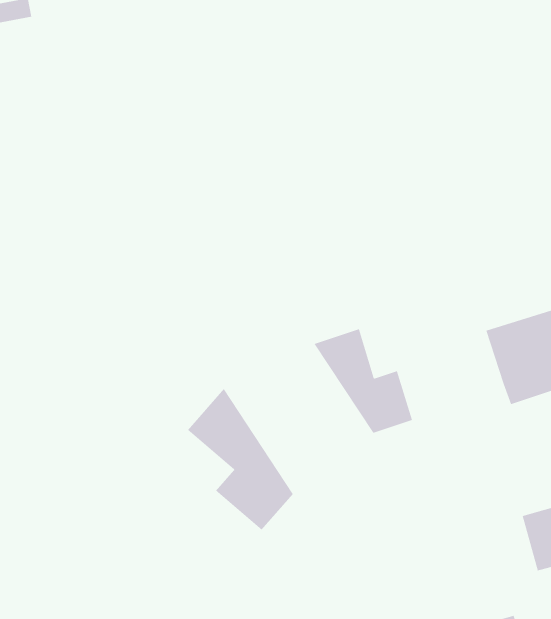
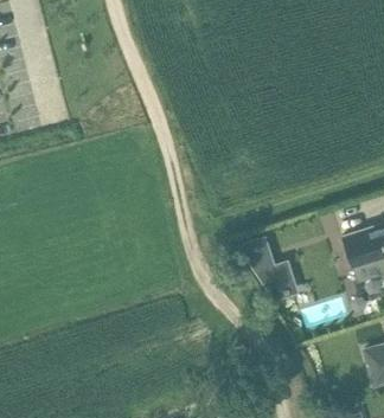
building: [187,388,294,531] -> none

